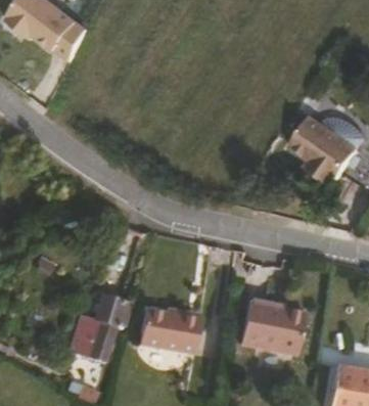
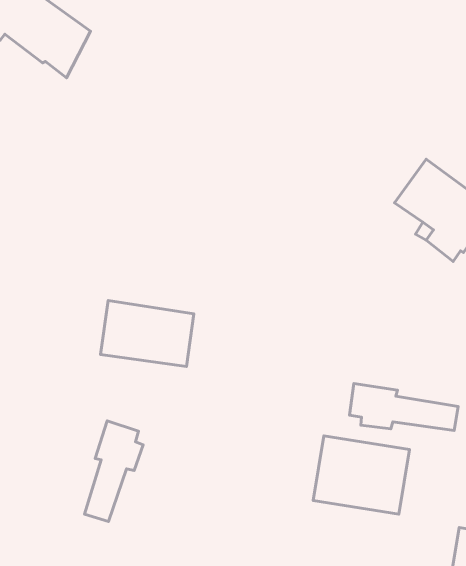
building: none -> [349,383,458,430]
building: [138,309,201,354] -> [101,300,194,367]

